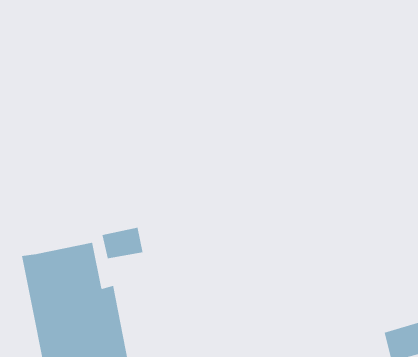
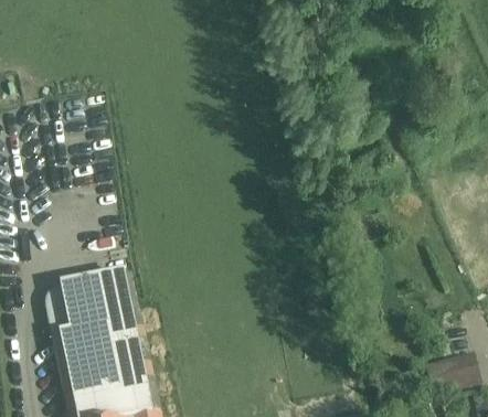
building: [102,227,143,259] -> none

